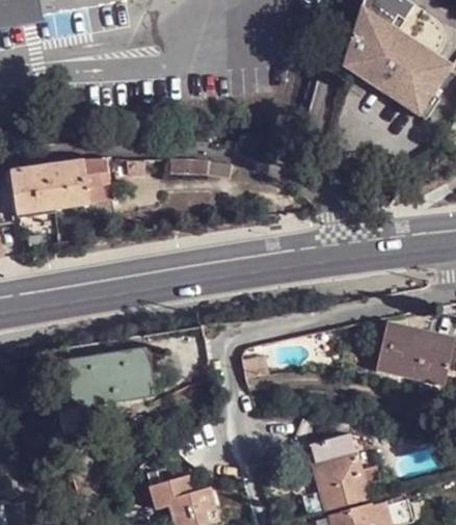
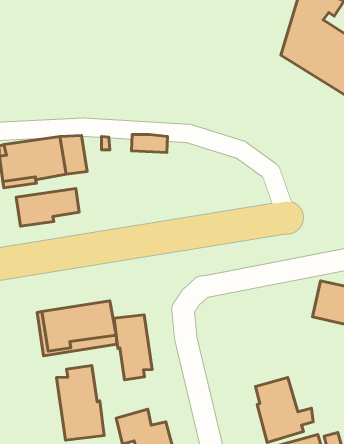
building: none -> [16,188,79,226]
building: none -> [114,315,152,380]
building: none -> [56,365,104,440]

